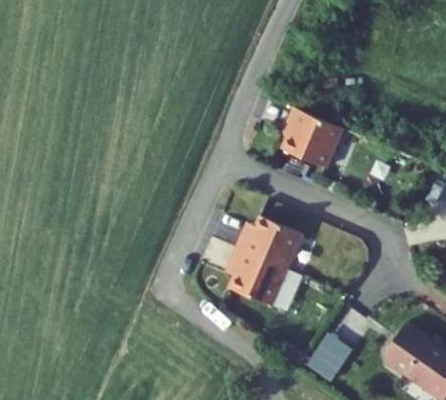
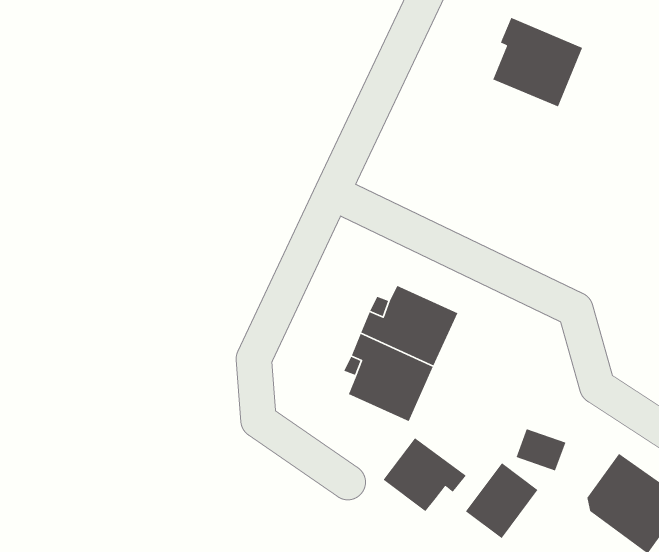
building: [286,106,345,165] -> [492,17,583,108]
building: none -> [382,437,467,512]

